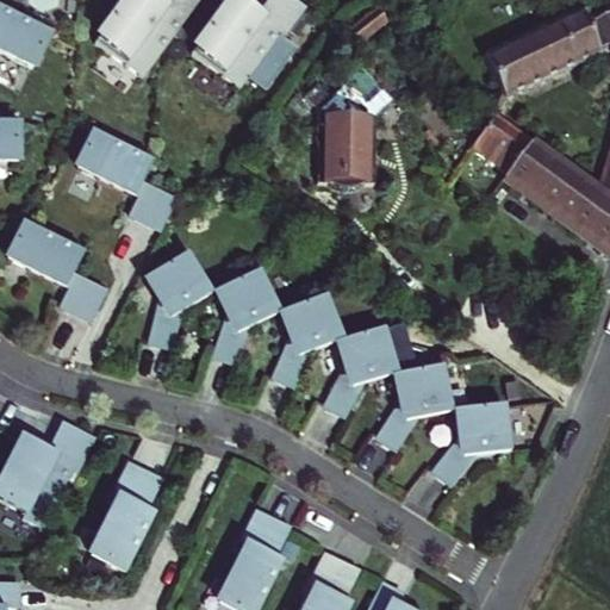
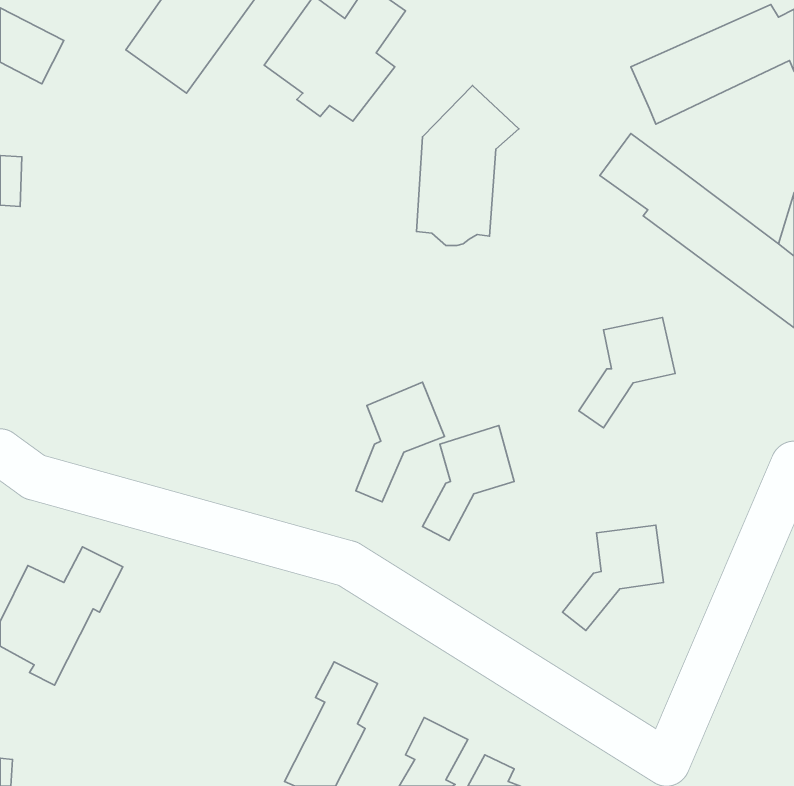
building: [76,130,175,229] -> none
building: [6,222,106,319] -> none
building: [145,251,208,347] -> none
building: [213,269,278,362] -> none
building: [375,365,449,449] -> [579,317,675,428]
building: [91,460,162,568] -> none

